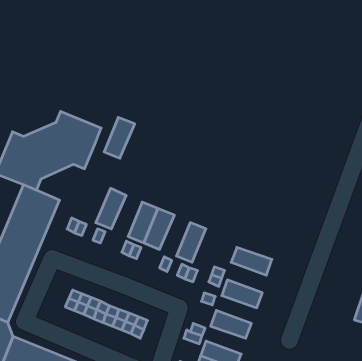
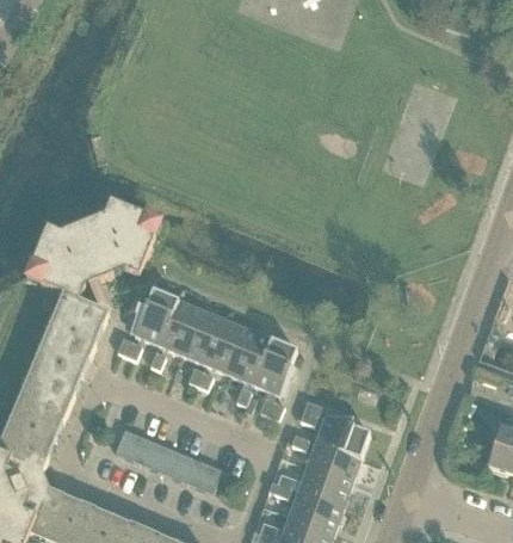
building: [104,117,135,158] -> [135,289,174,341]
building: none -> [175,307,215,359]
building: none -> [237,332,277,384]
building: [231,247,272,275] -> [310,436,363,471]
building: none -> [297,475,348,511]

